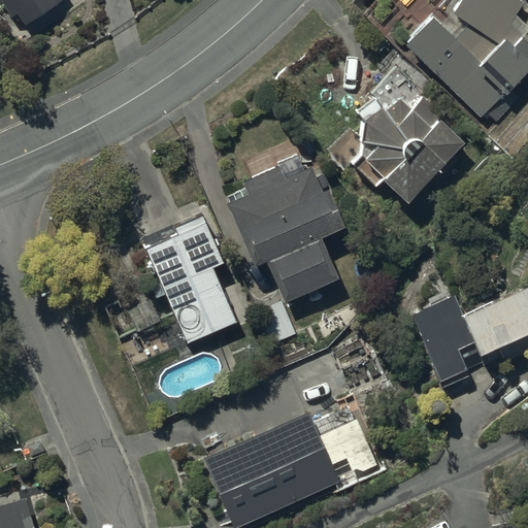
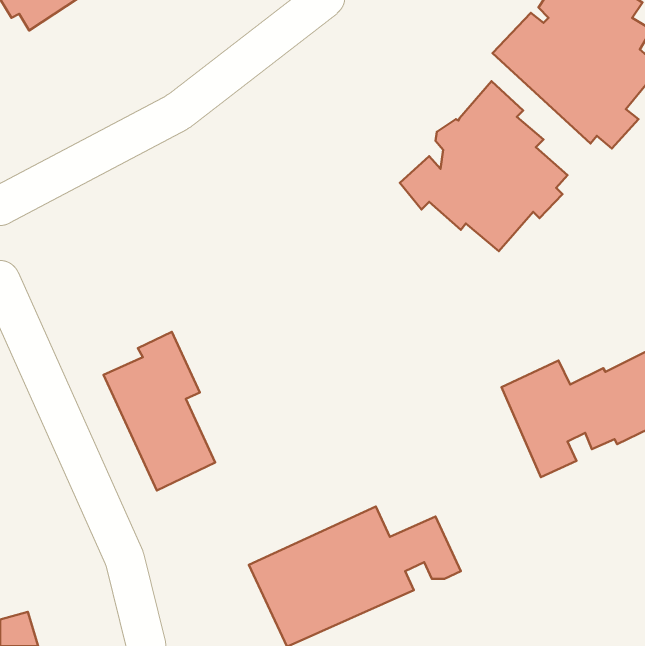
building: [228,164,345,303] -> none
building: [145,213,236,342] -> [103,332,215,490]

